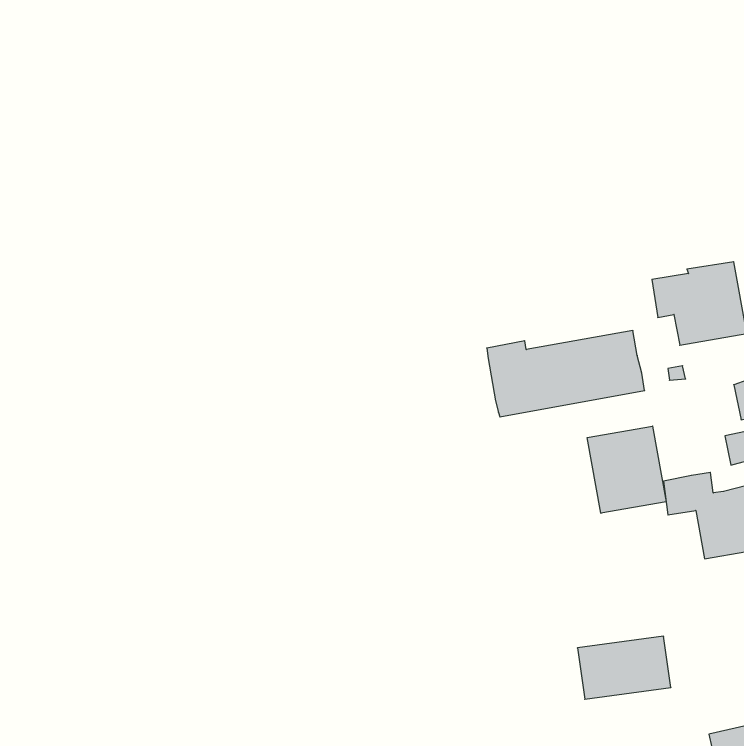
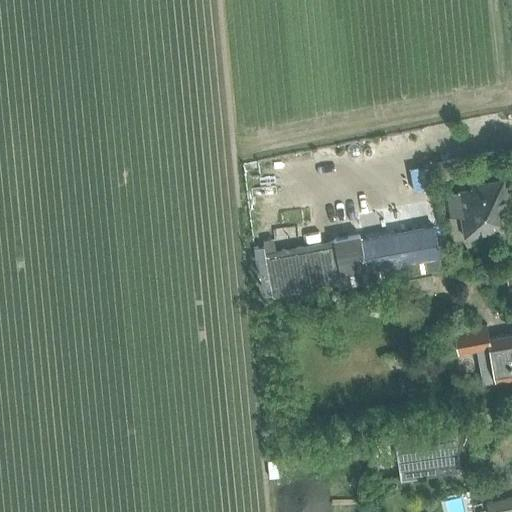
building: none -> [255,246,343,296]
building: [587,426,666,513] -> none

